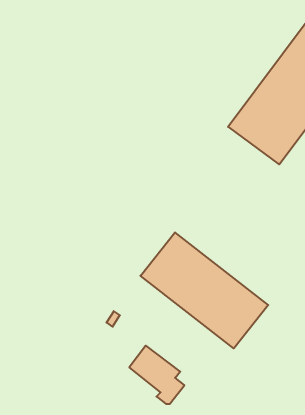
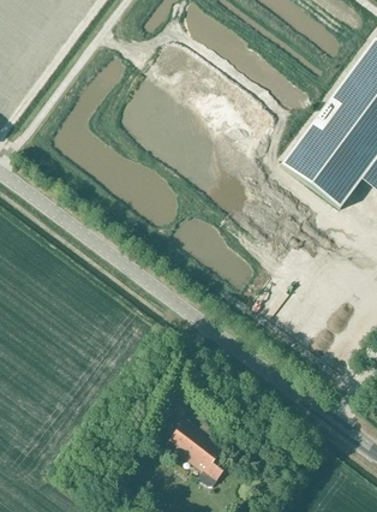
building: [140,232,268,348] -> none

